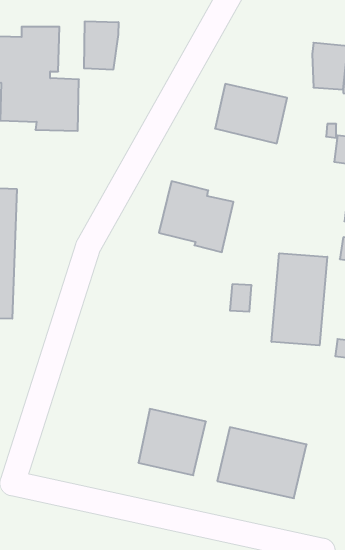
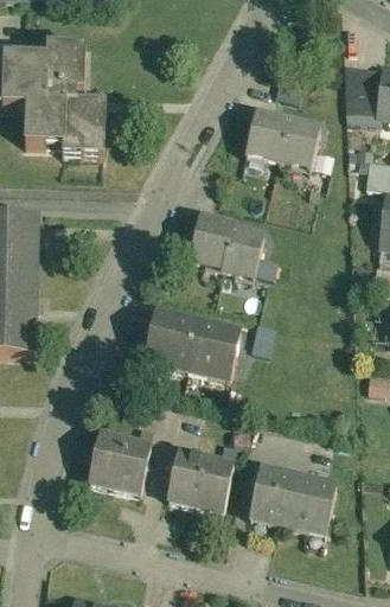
building: [84,21,118,70] -> none
building: [272,253,327,345] -> none
building: none -> [139,308,241,384]
building: none -> [83,429,151,494]

